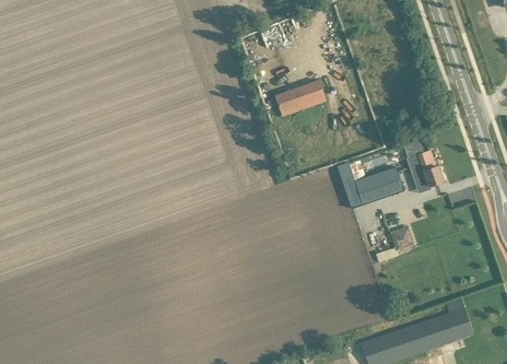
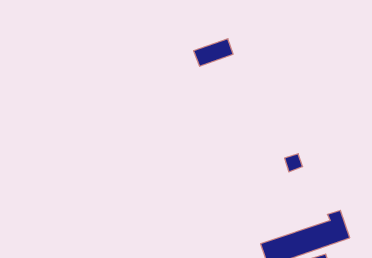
building: [406,153,443,191] -> none
building: [335,162,403,209] -> none

